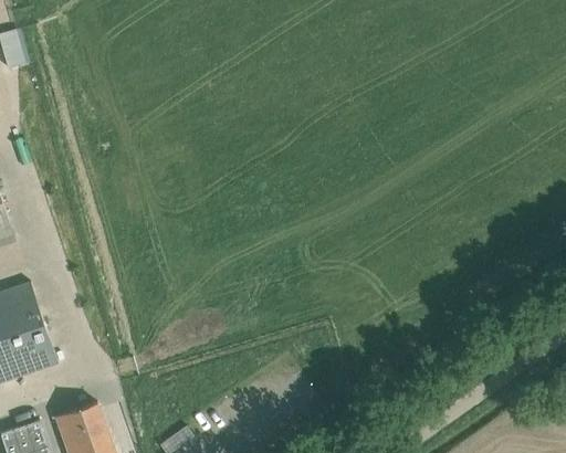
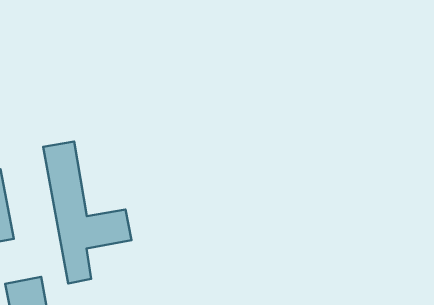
building: none -> [43,142,131,283]

